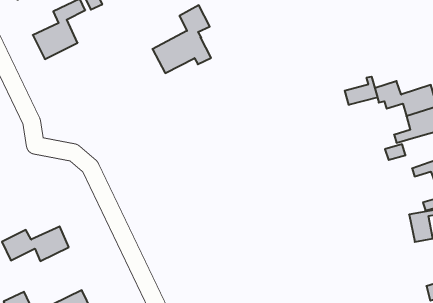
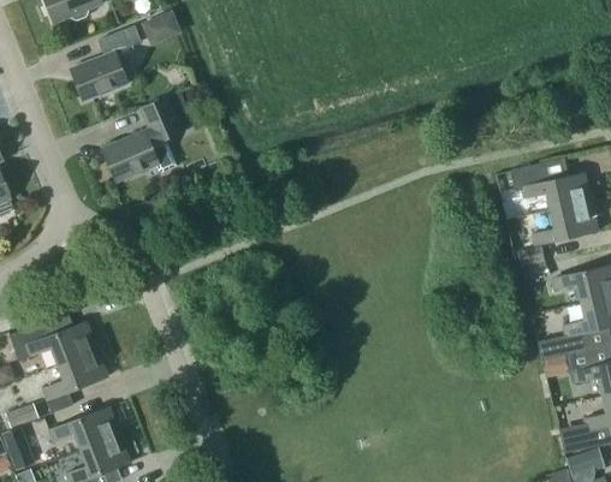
building: [152,5,211,73] -> [102,96,179,182]
building: [345,77,377,105] -> none
building: none -> [43,349,107,399]

